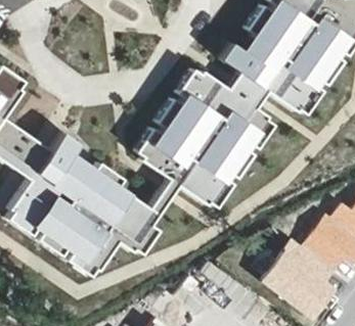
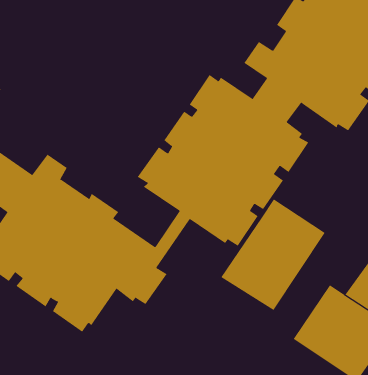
building: none -> [220,199,325,311]

